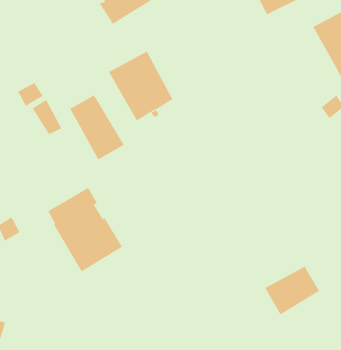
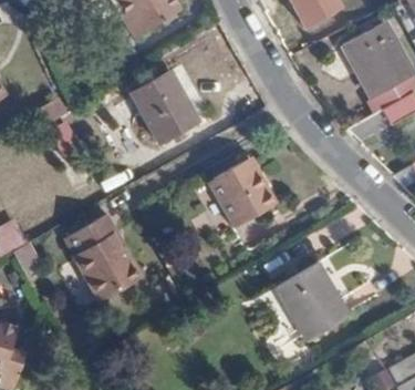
building: [70,95,125,160] -> none
building: none -> [207,157,278,227]
building: none -> [276,264,338,319]

